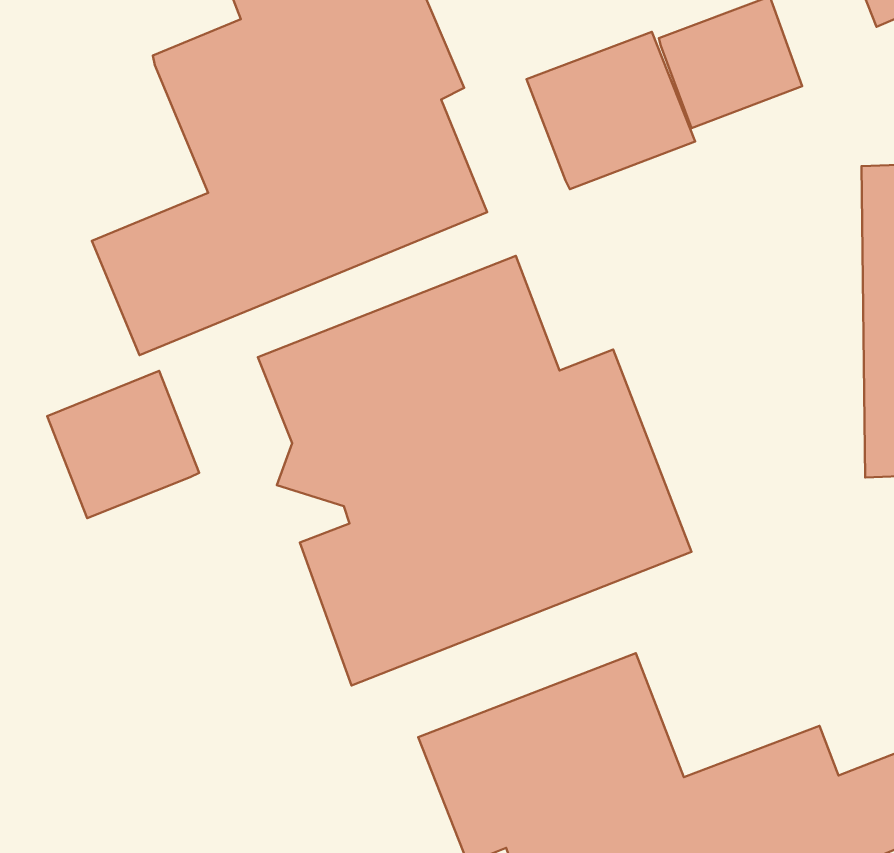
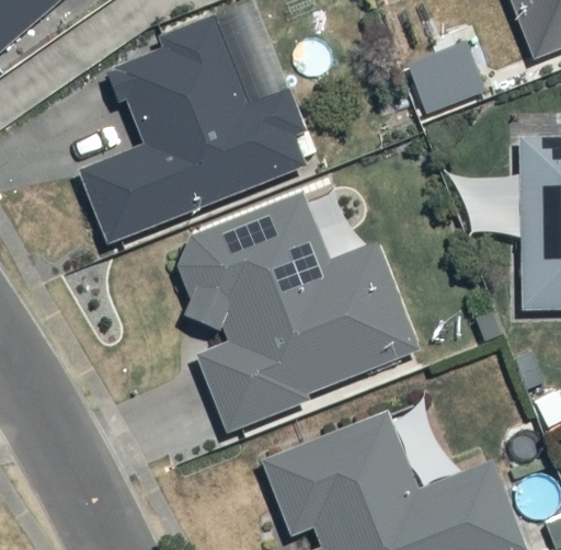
building: [527,32,695,189] -> none
building: [47,371,199,518] -> none

